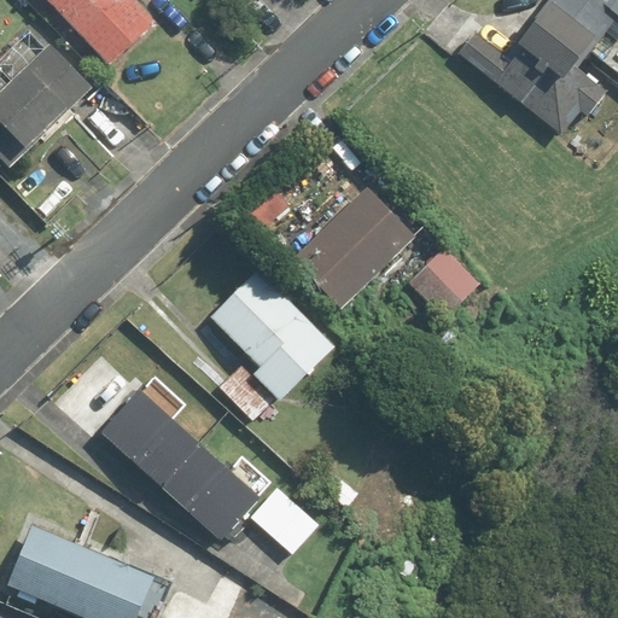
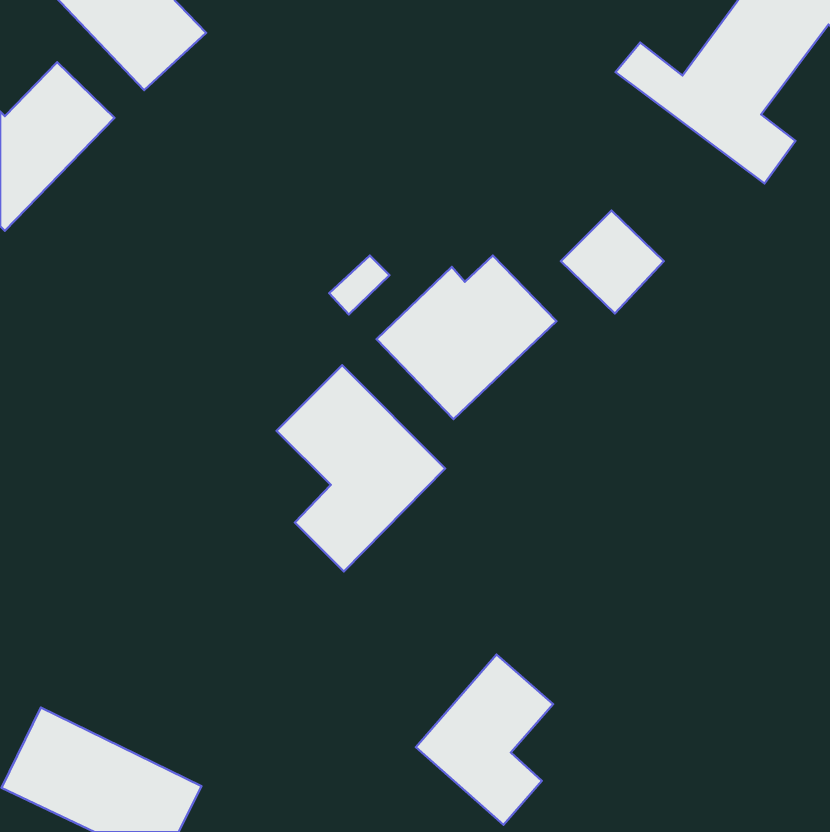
building: [407,244,483,320] -> [561,210,664,314]
building: [97,387,321,556] -> none
building: none -> [416,655,553,825]

